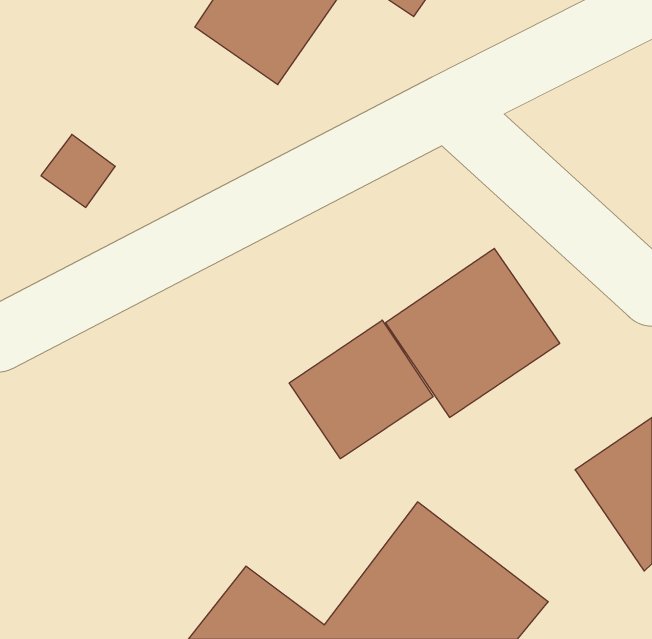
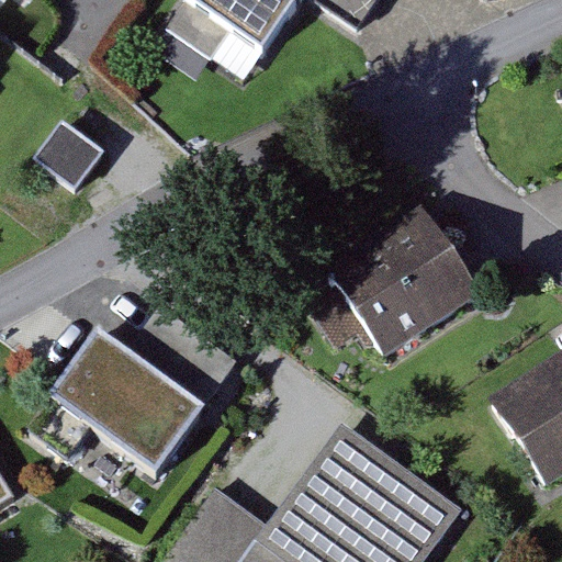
building: [289,320,433,459] -> none
building: none -> [65,341,217,481]

